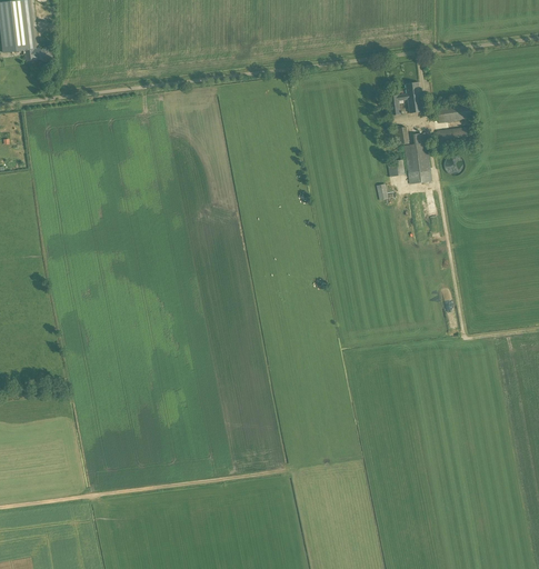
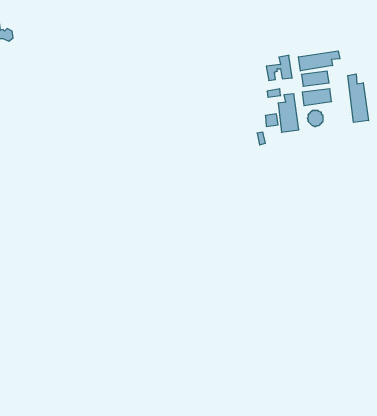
building: none -> [298,51,340,71]
building: none -> [348,74,369,122]

